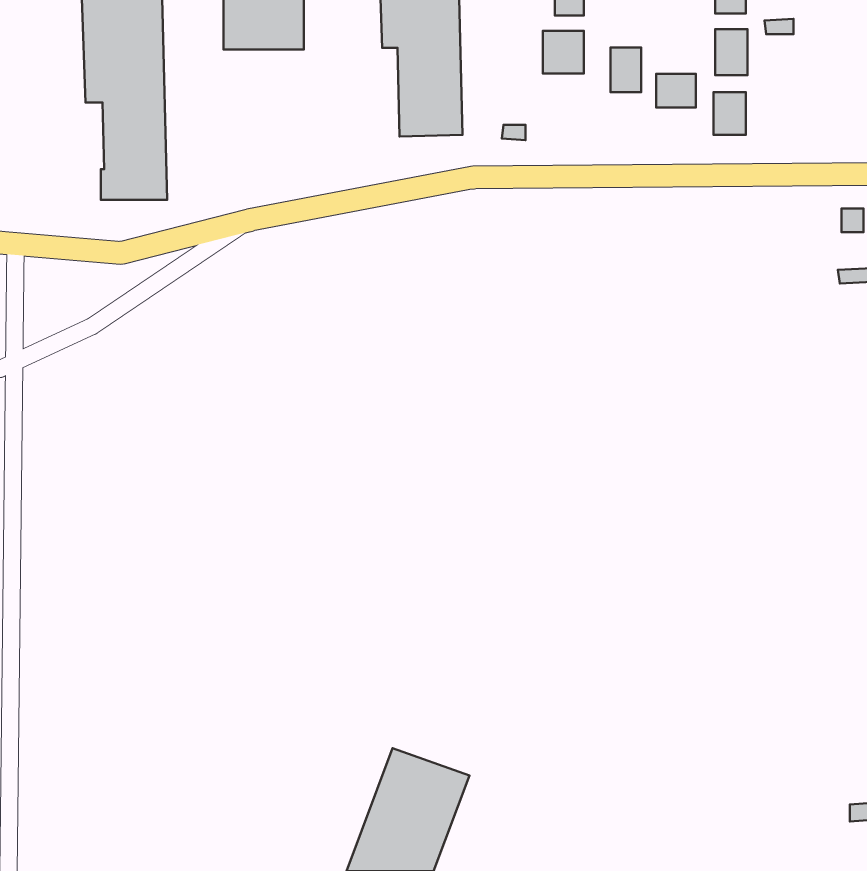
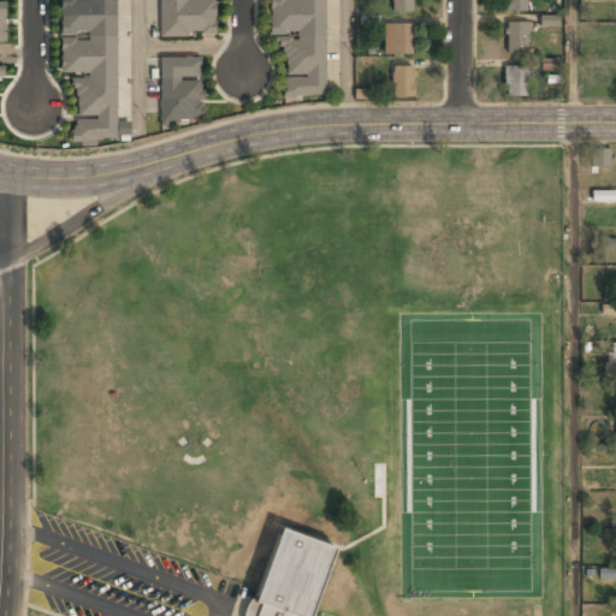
building: [610,48,641,92] -> [395,64,416,95]
building: [656,74,696,108] -> none
building: none -> [161,55,205,122]

